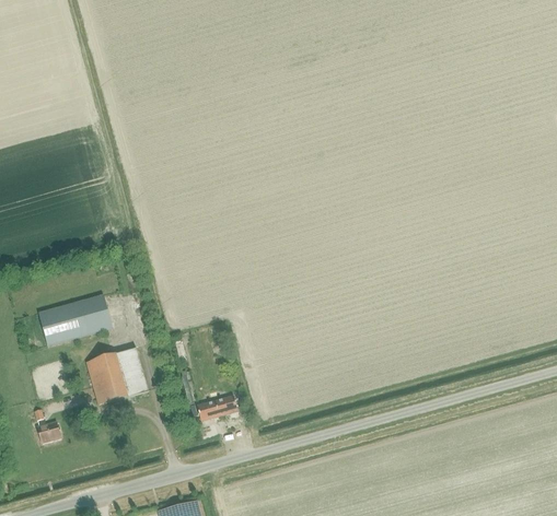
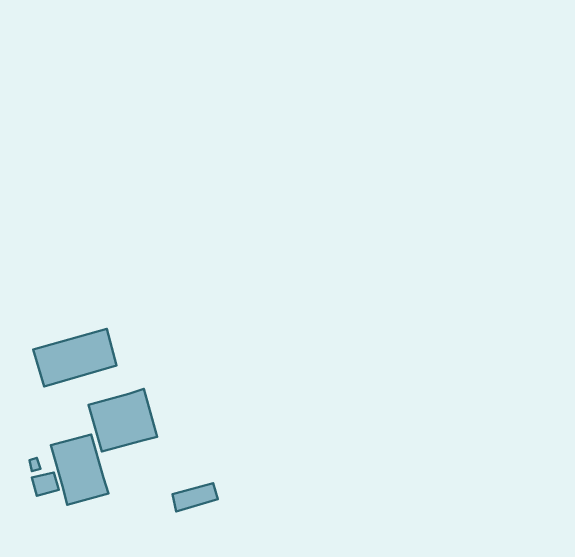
building: none -> [51,434,108,505]
building: [197,396,237,421] -> [172,483,218,511]

